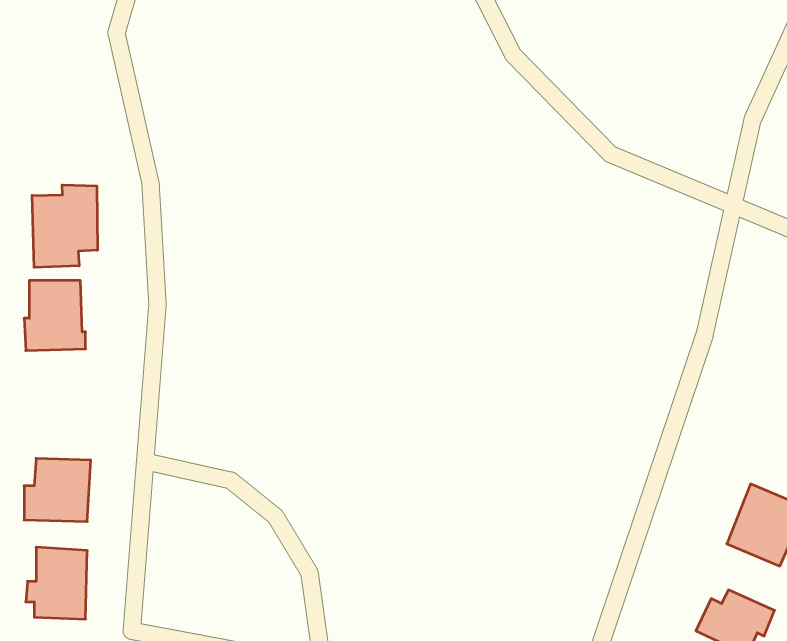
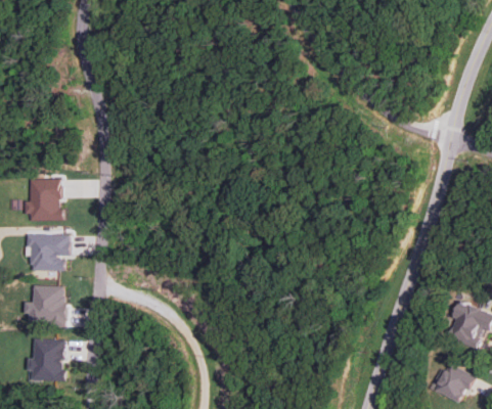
building: [32,185,97,267] -> none
building: none -> [28,233,70,270]

